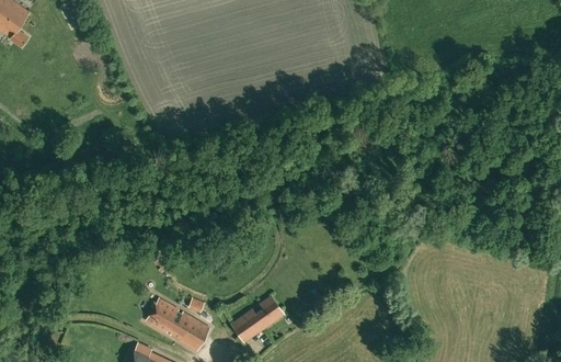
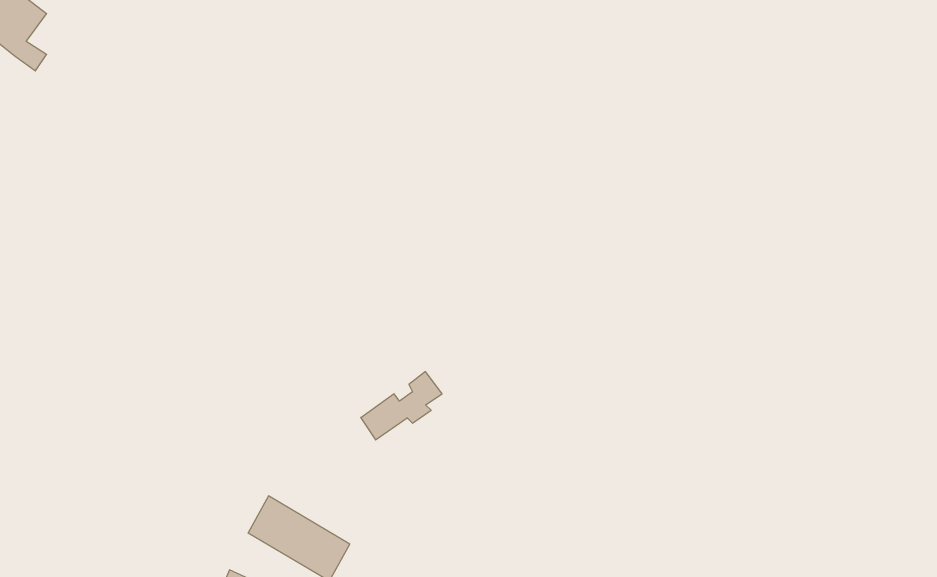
building: [232,296,280,337] -> [361,372,442,440]

